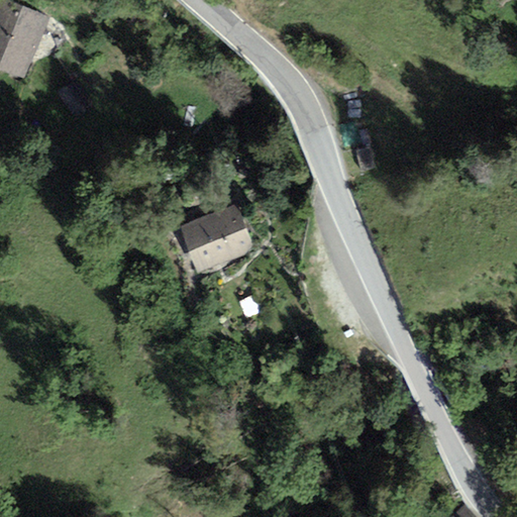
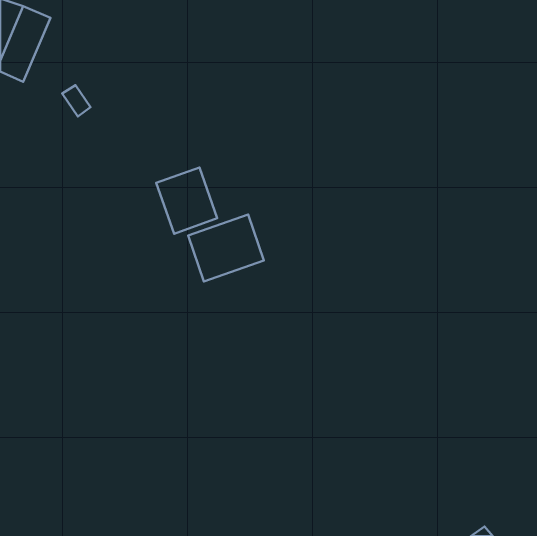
building: none -> [156,167,217,234]

